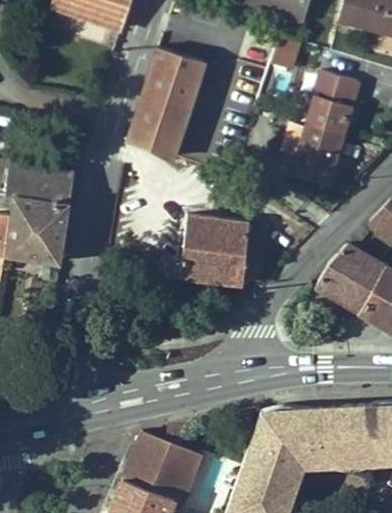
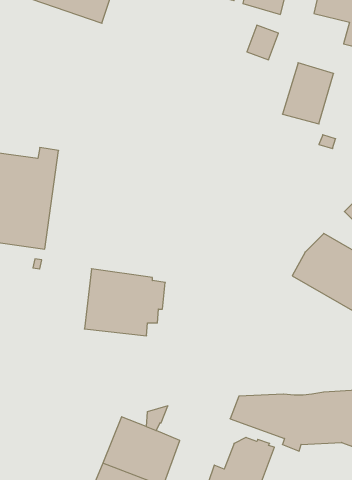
building: [127,48,206,160] -> none
building: [289,124,343,187] -> none
building: [180,216,262,284] -> [84,269,165,336]
building: [236,435,308,486] -> none

